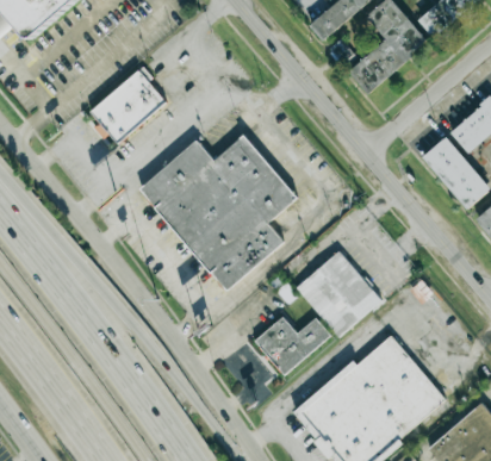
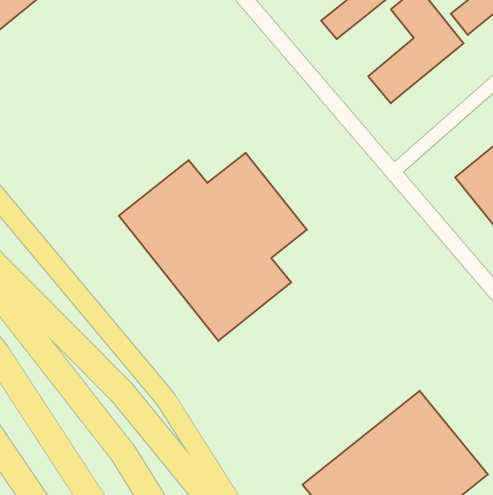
building: [89,67,167,141] -> none
building: [253,250,380,376] -> none

